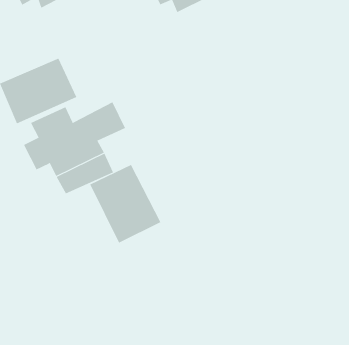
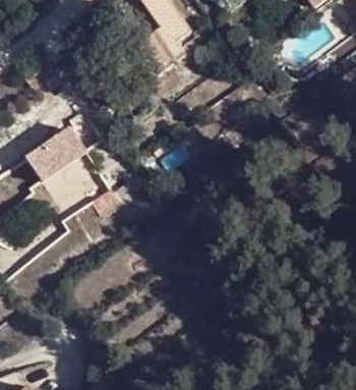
building: [90,164,161,244] -> none

